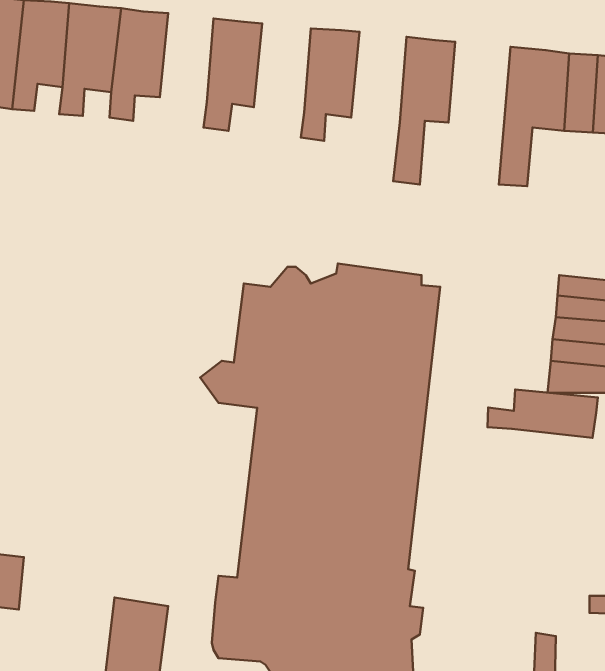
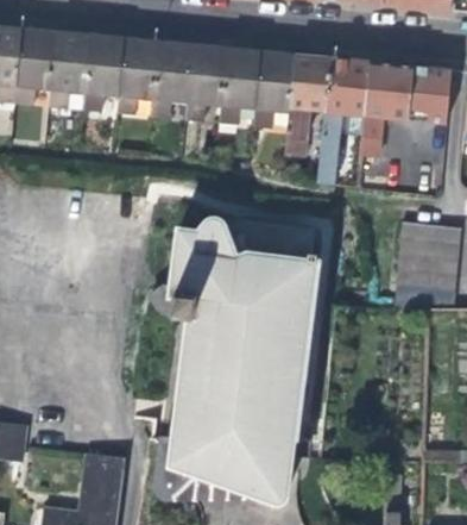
building: none -> [116,37,157,117]
building: none -> [184,44,226,124]
building: none -> [253,50,294,131]
building: none -> [317,57,367,186]
building: [487,390,598,438] -> none

